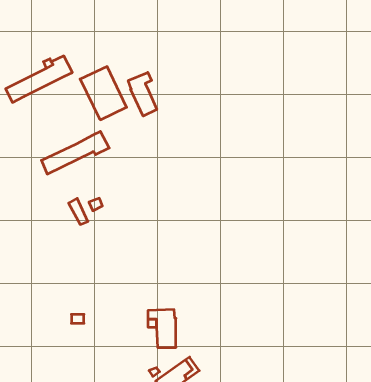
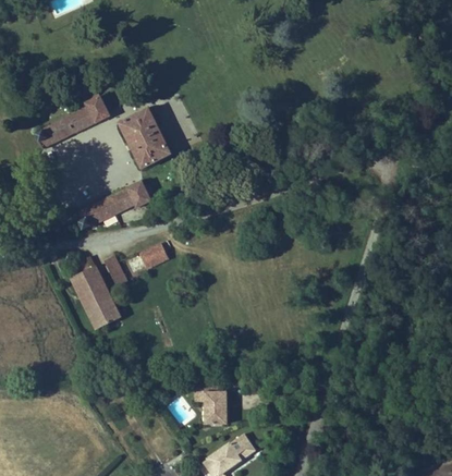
building: [128,72,157,116] -> none
building: none -> [139,242,168,269]
building: none -> [71,256,120,328]

